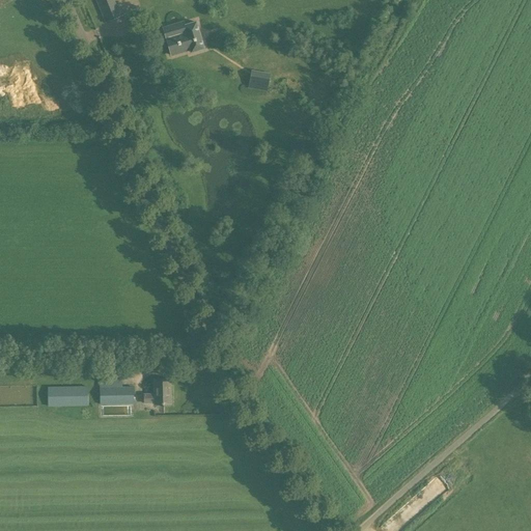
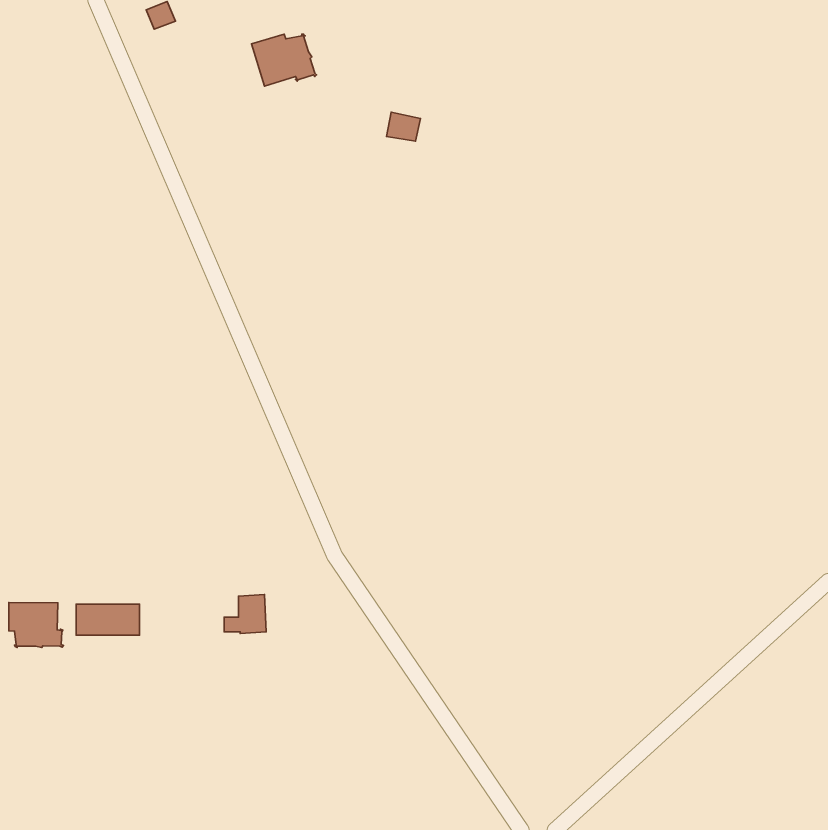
building: [100,382,135,406] -> none
building: none -> [9,603,63,648]

